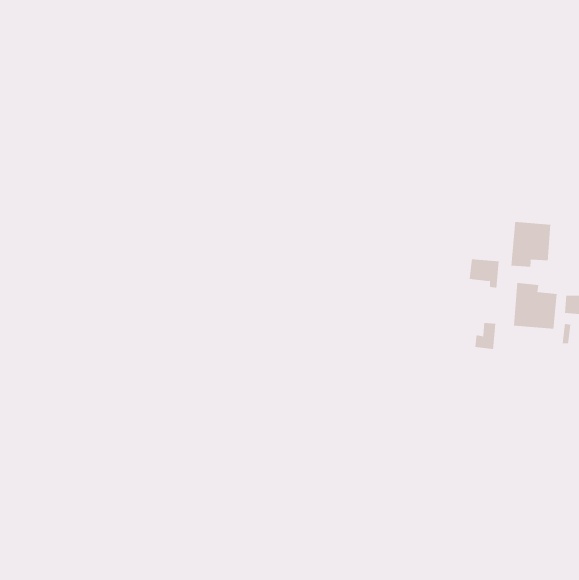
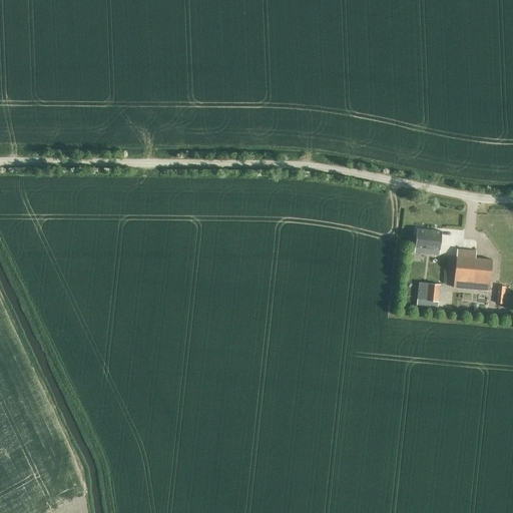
building: [511,221,551,267] -> none

